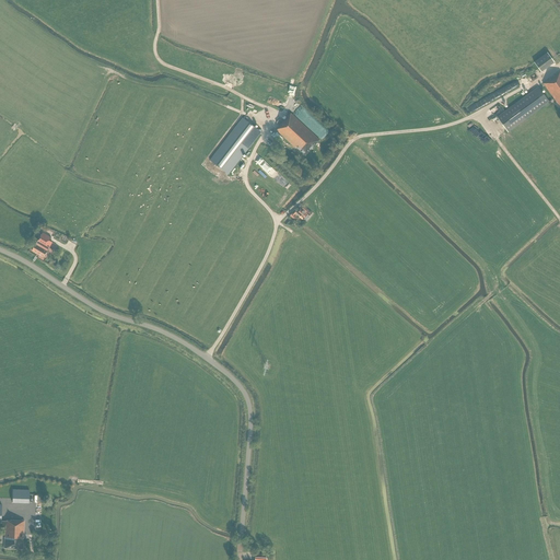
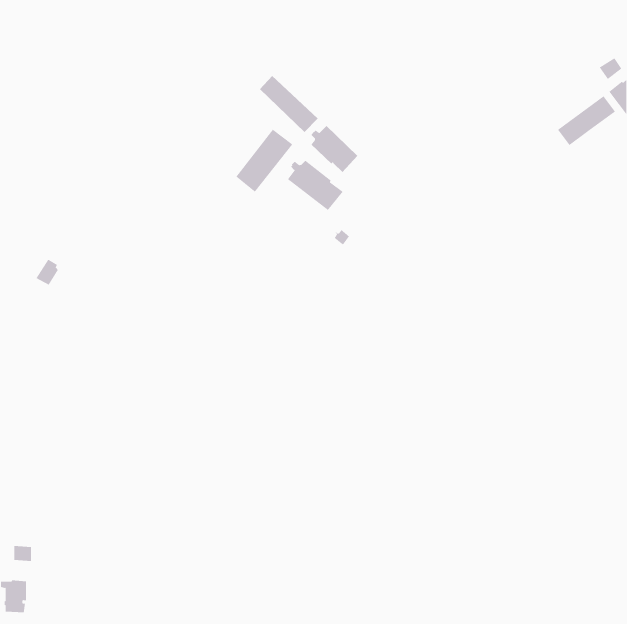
building: none -> [259,75,319,133]
building: none -> [287,160,344,211]

